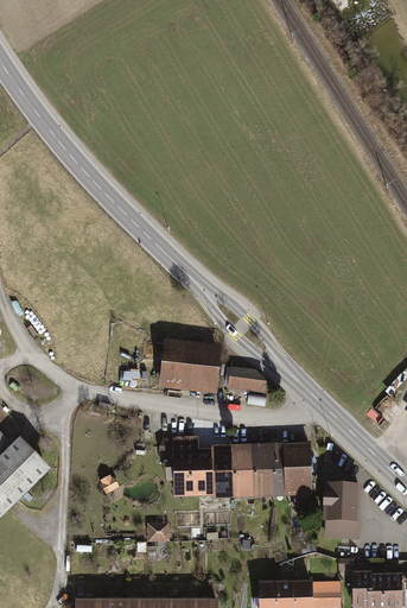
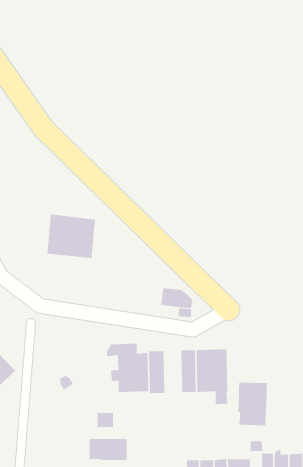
building: [159,338,221,394] -> [46,214,96,258]
building: [231,444,253,499] -> none
building: none -> [89,438,127,461]

